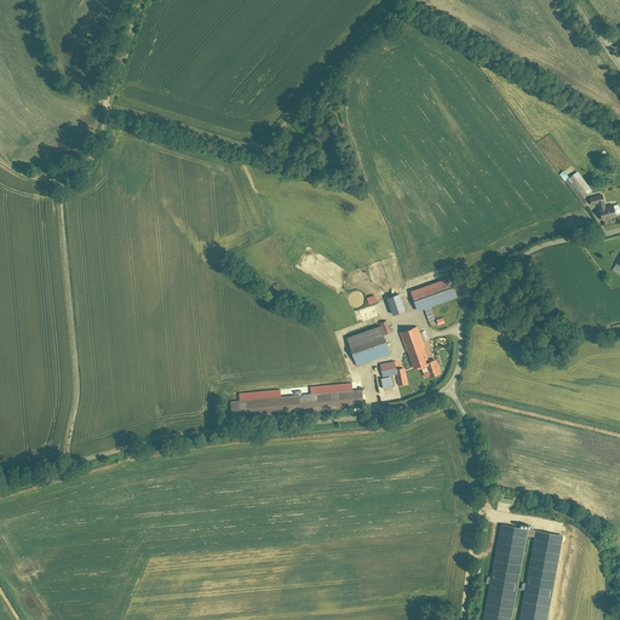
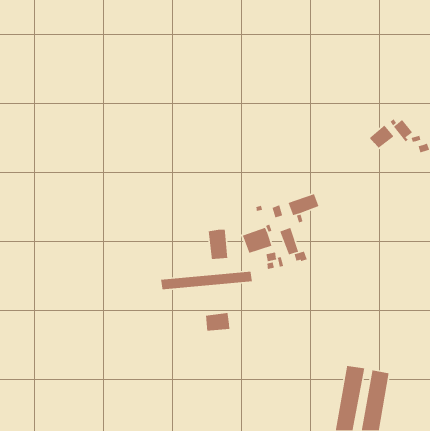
building: none -> [369,124,394,149]
building: none -> [208,229,228,260]
building: none -> [205,312,230,332]

